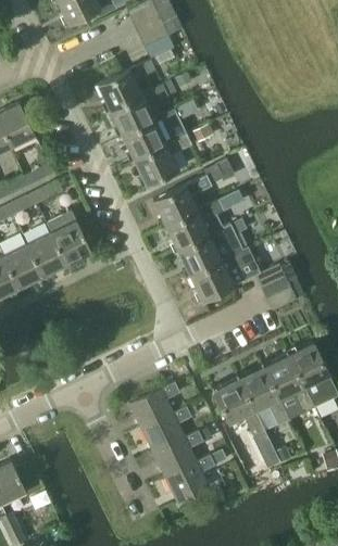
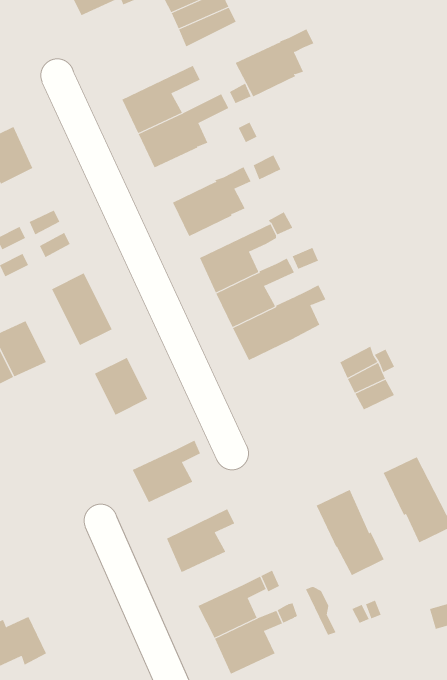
building: [121,111,178,161] -> [235,29,314,97]
building: [27,234,66,277] -> [94,357,148,415]
building: [189,250,247,301] -> none
building: [263,357,313,414] -> none
building: [213,381,264,437] -> none
building: [140,408,190,454] -> [132,440,201,503]

